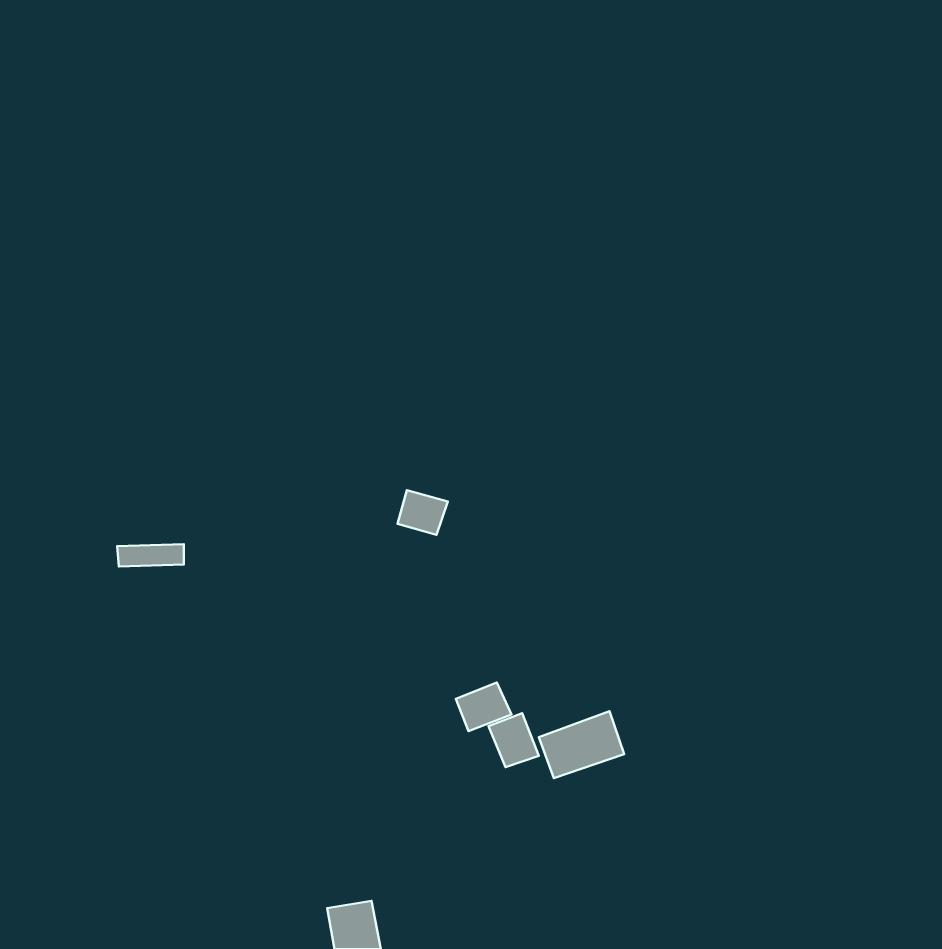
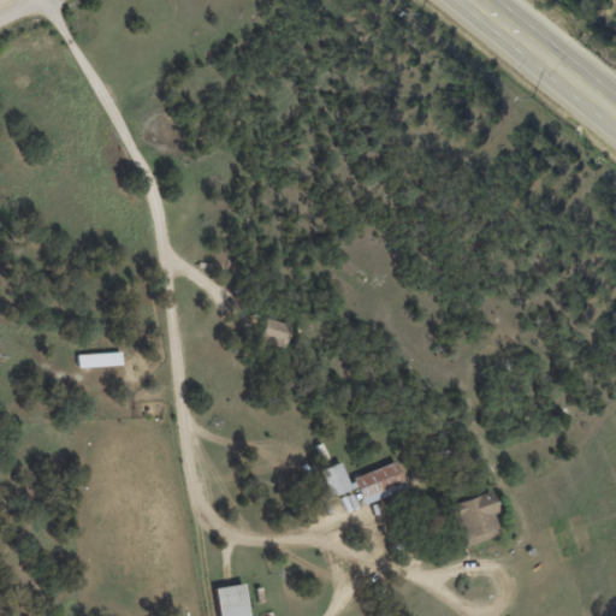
building: [456,682,512,731] -> none
building: none -> [454,491,504,546]

